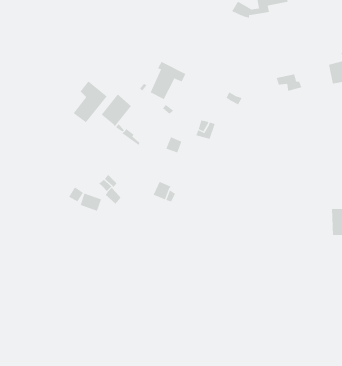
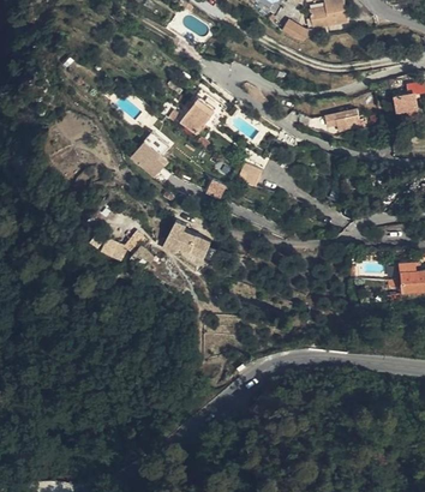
building: [73,81,108,123] -> none
building: none -> [166,216,199,247]

